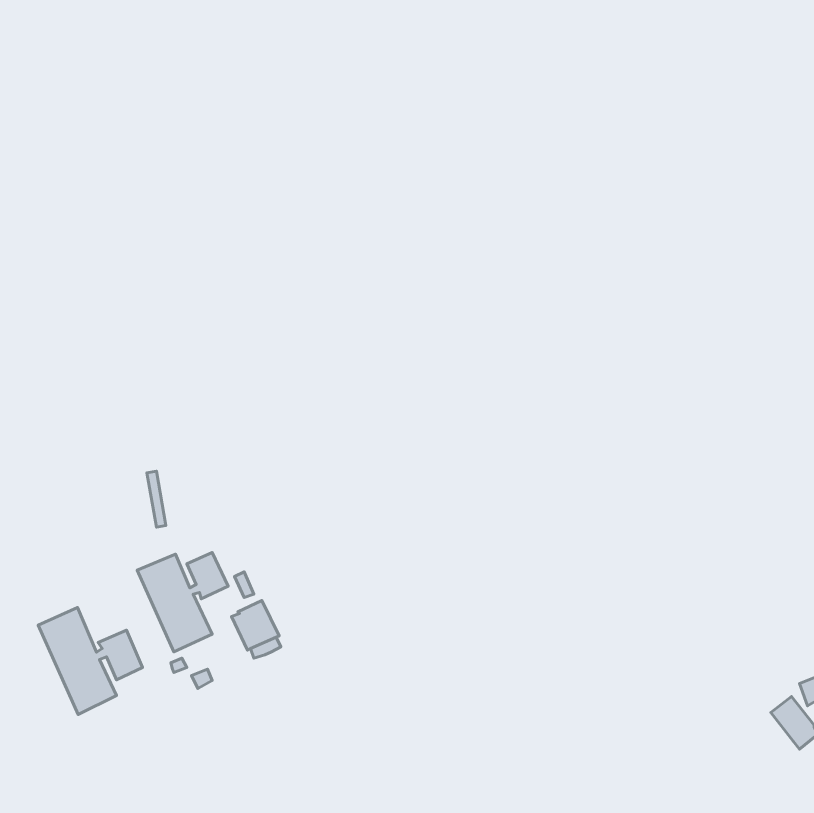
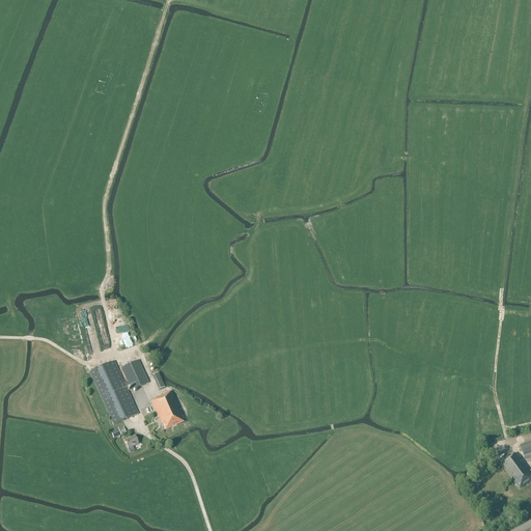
building: [38,608,142,714] -> none

